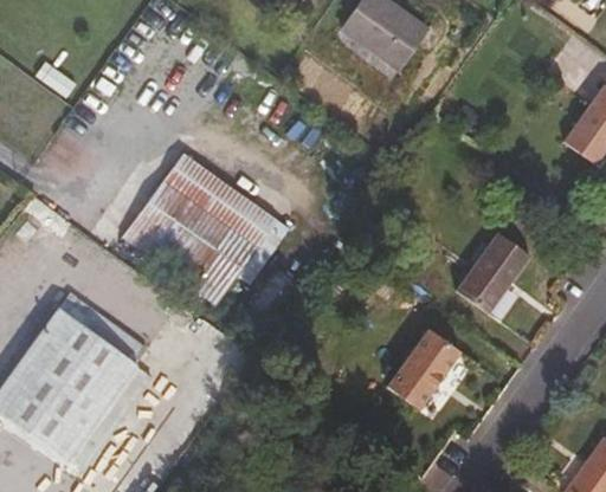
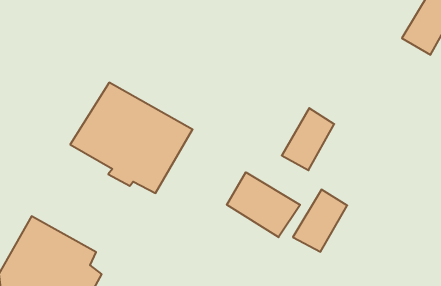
building: [459,225,529,302] -> [282,108,334,170]
building: none -> [227,172,300,237]

